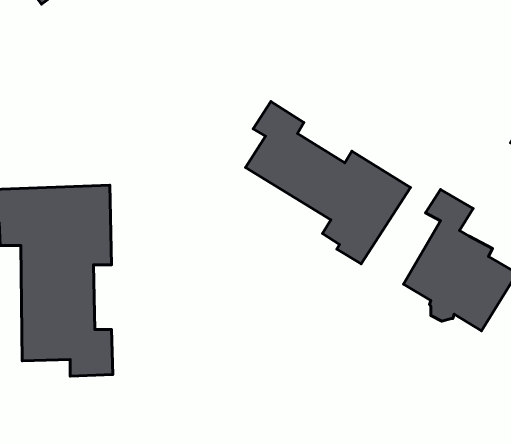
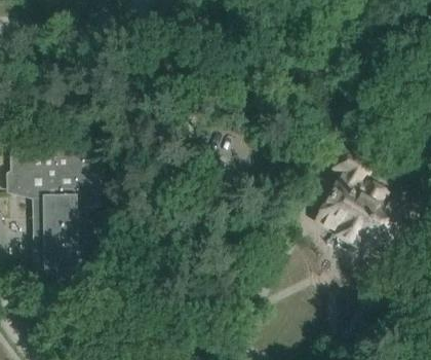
building: [246,101,411,264] -> none

